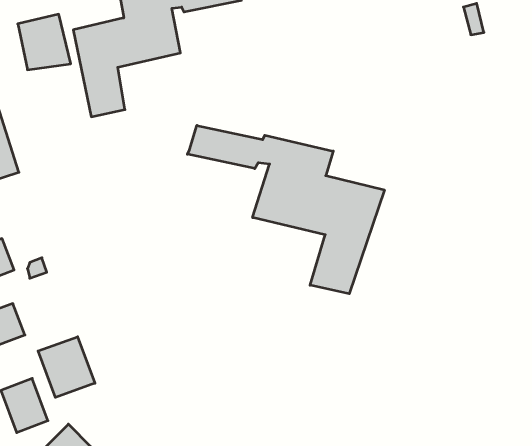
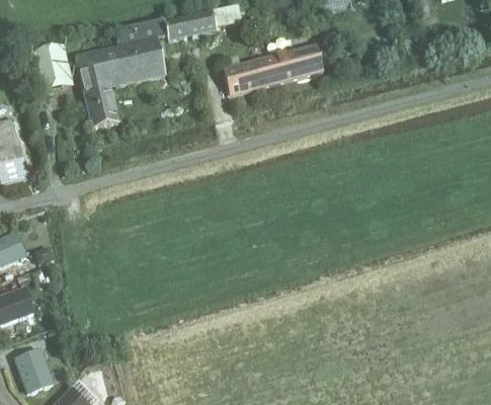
building: none -> [222,43,323,94]
building: [187,125,384,294] -> none
building: [38,337,95,397] -> none

